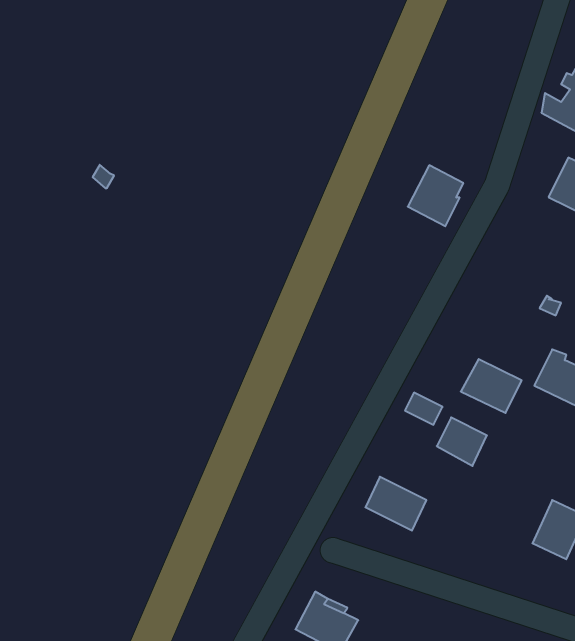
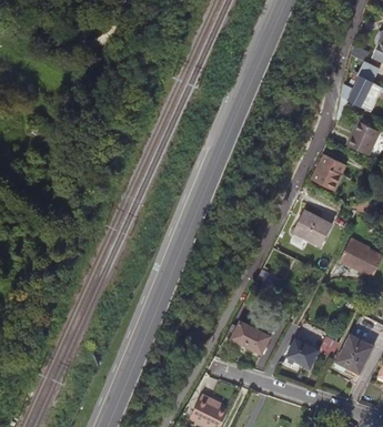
building: [408,165,463,226] -> [310,155,344,193]
building: [461,359,522,413] -> [293,212,331,245]
building: [437,417,487,466] -> [288,335,319,365]

